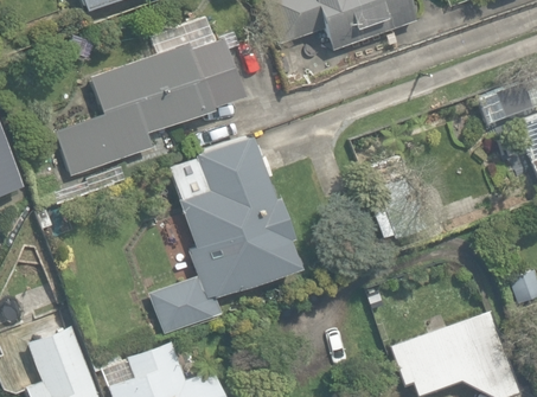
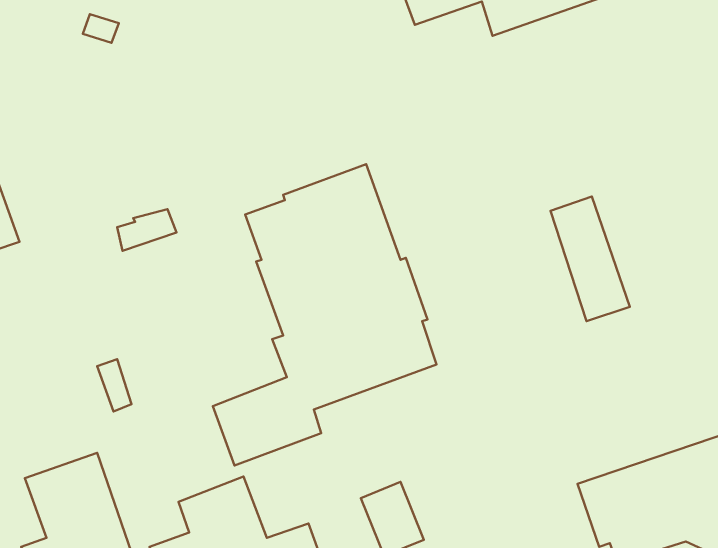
building: [57,32,249,173] -> none

